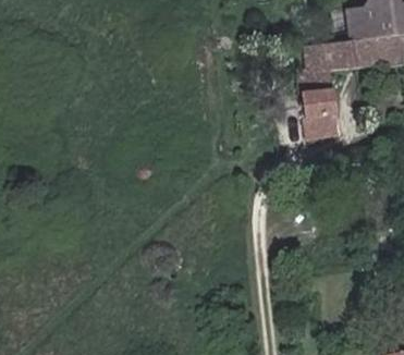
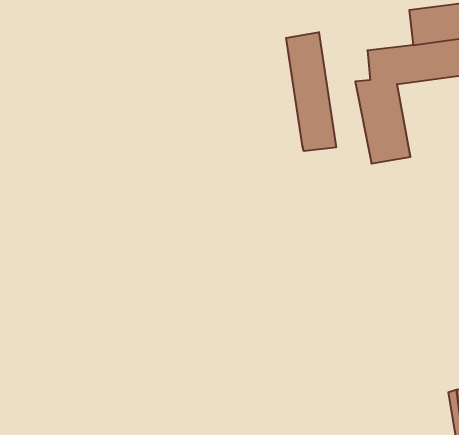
building: none -> [286,32,336,151]

